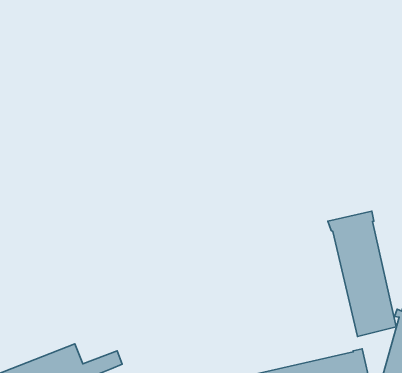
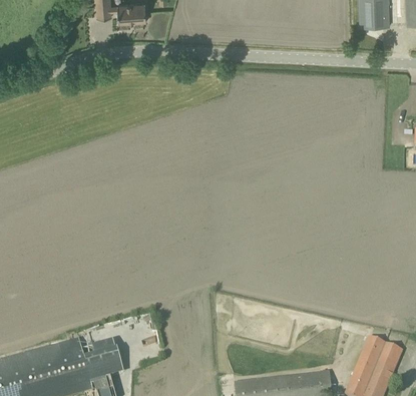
building: [328,211,396,336] -> none

